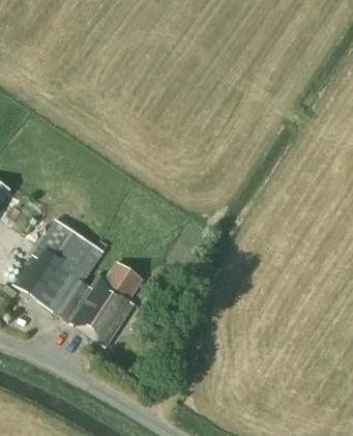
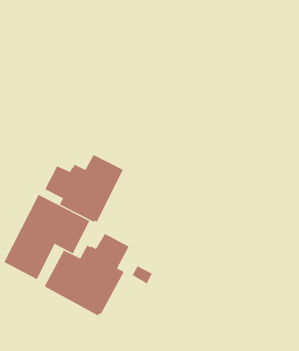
building: none -> [44,154,124,223]

